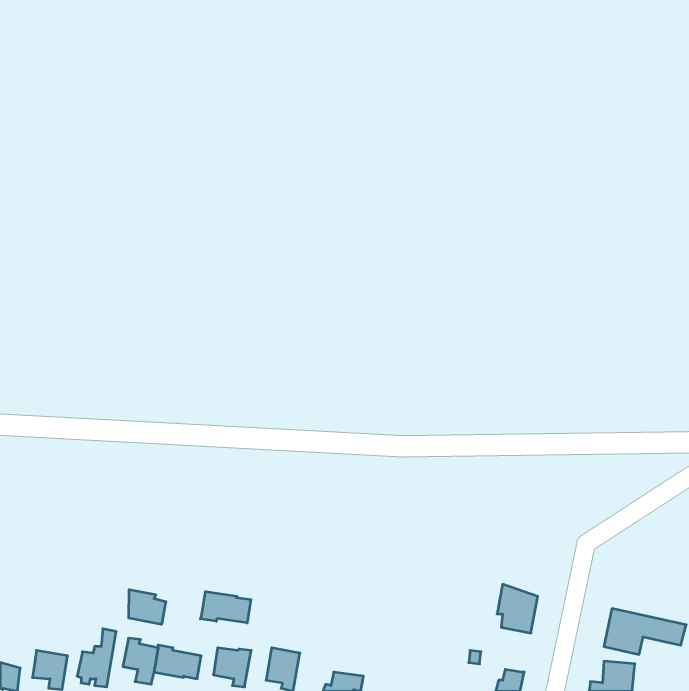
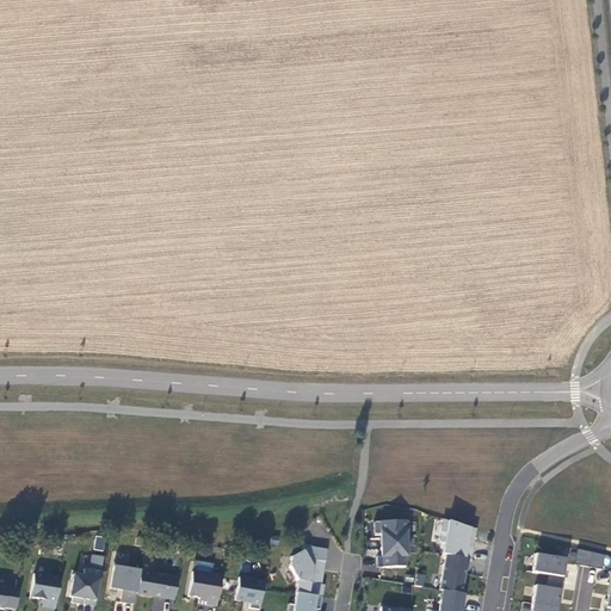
building: [129,590,166,624] -> none
building: none -> [375,520,408,567]
building: [200,592,251,623] -> none
building: none -> [290,545,327,585]
building: none -> [439,554,469,593]

